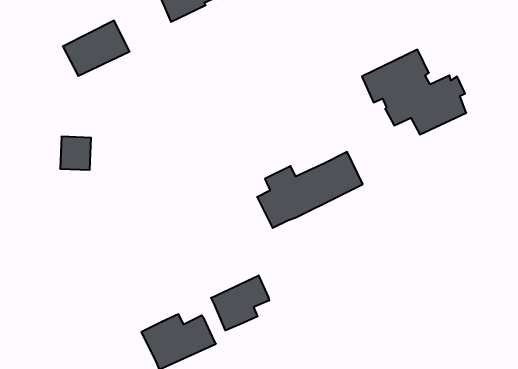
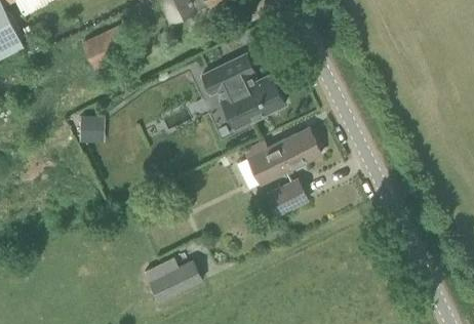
building: [362,50,466,135] -> [201,54,284,122]
building: none -> [265,180,307,216]
building: [211,275,269,330] -> none

